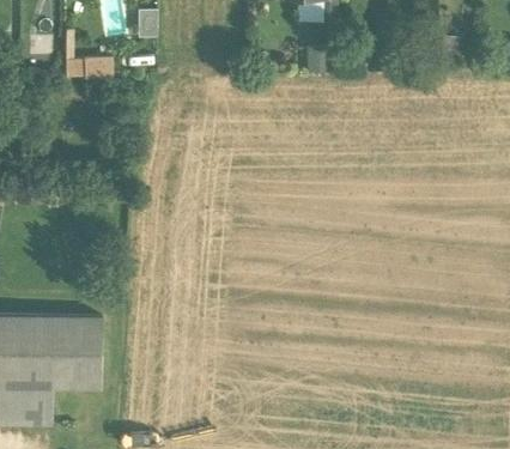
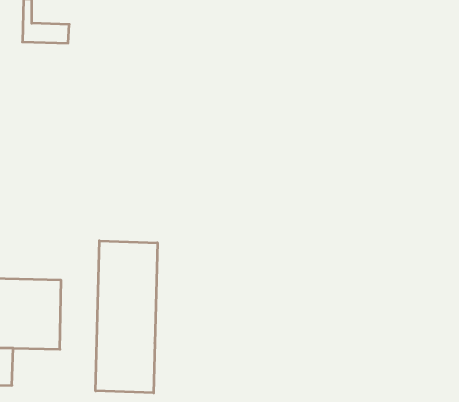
building: none -> [96,241,157,393]

